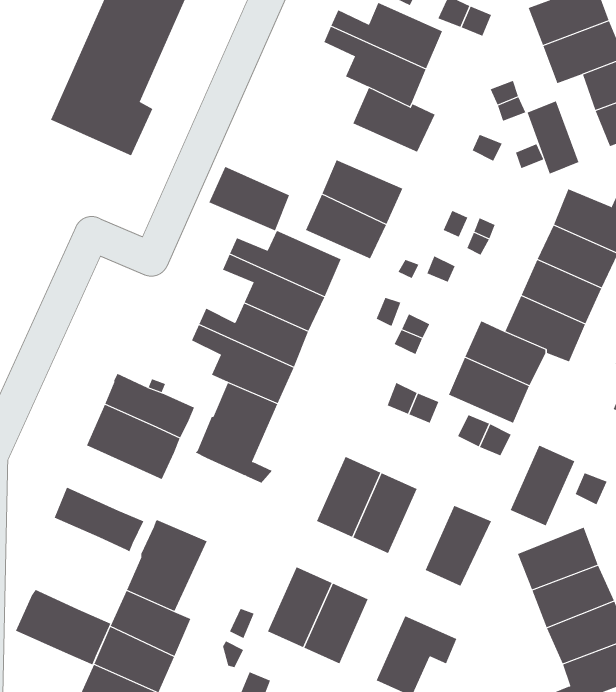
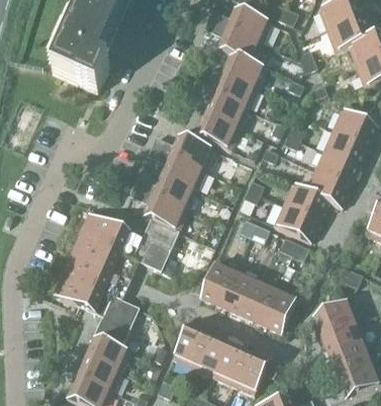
building: [527,100,579,174] -> none
building: [209,166,290,231] -> [211,73,257,109]
building: [510,445,575,526] -> [241,277,277,323]
building: [15,589,111,665] -> [61,253,114,296]
building: none -> [213,339,250,385]

